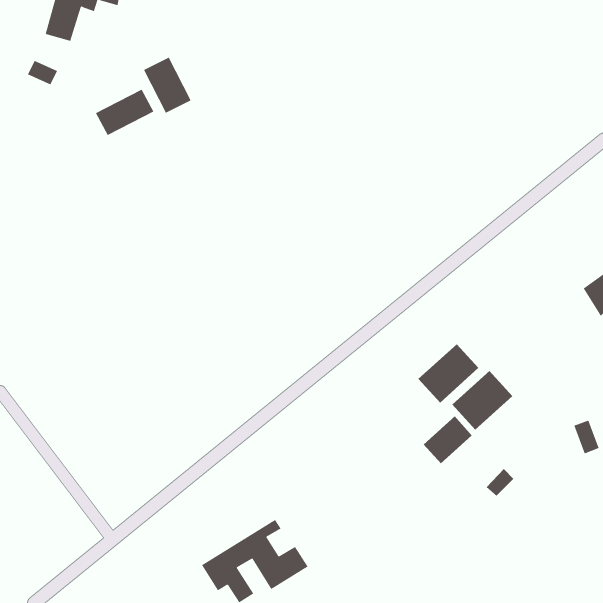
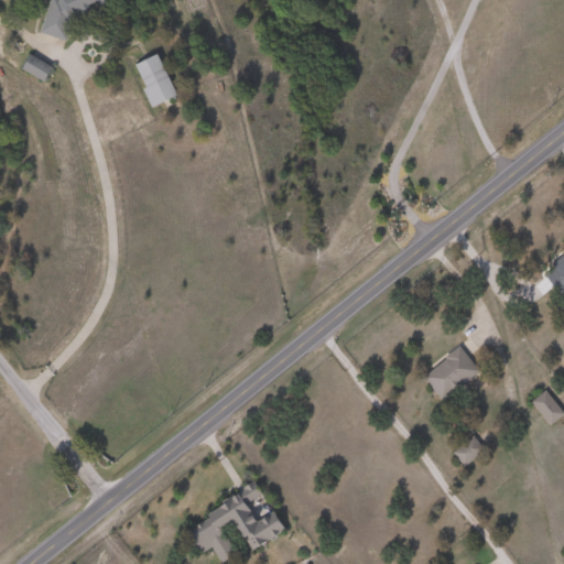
building: [95,89,154,136] -> none
building: [418,344,479,403] -> none
building: [423,416,473,464] -> none

